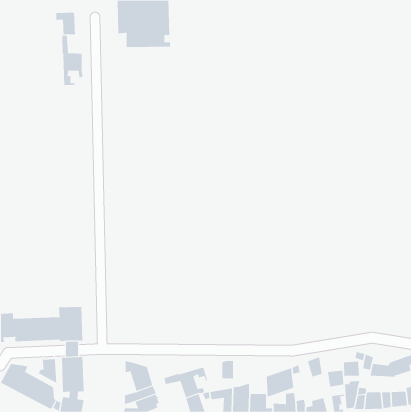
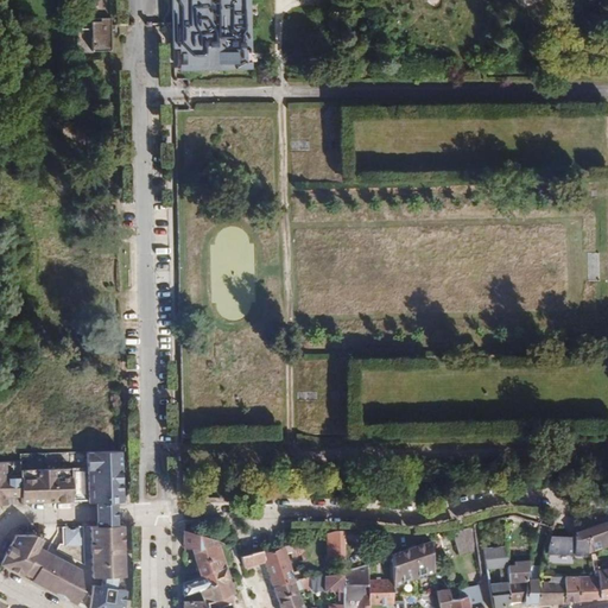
building: [62,35,83,86] -> none
building: [344,361,360,376] -> none

